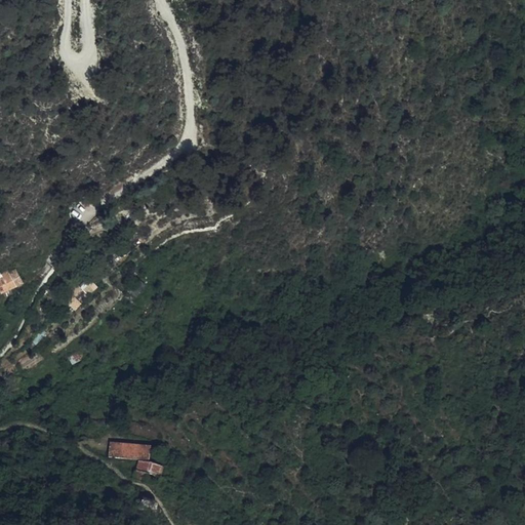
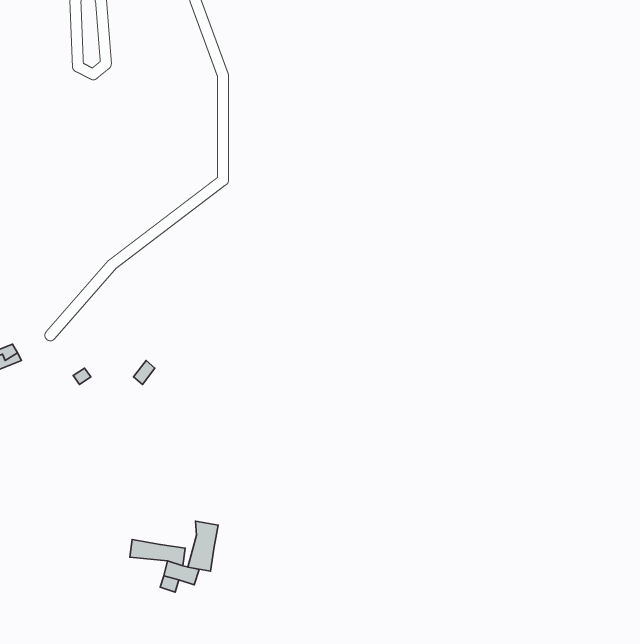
building: none -> [188,521,218,571]

